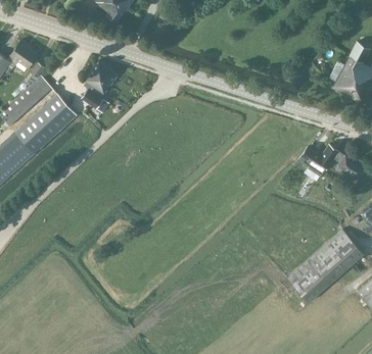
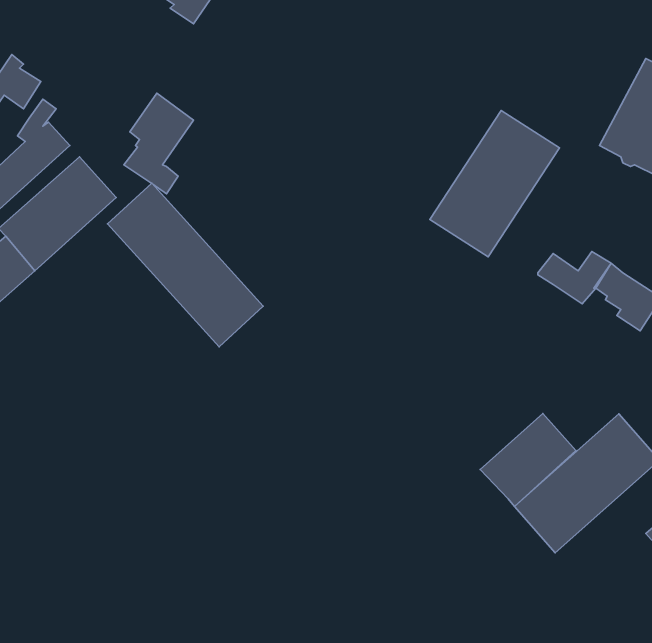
building: none -> [430,111,559,257]
building: none -> [108,183,263,347]
building: none -> [480,414,576,507]

